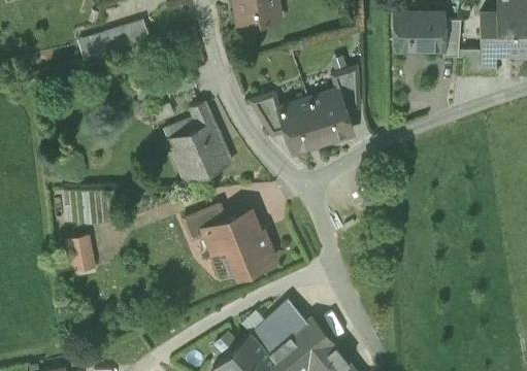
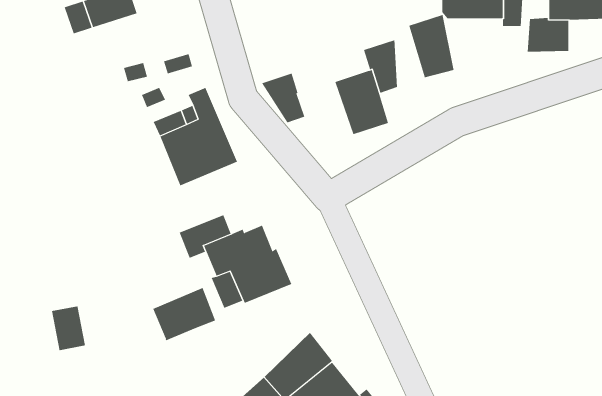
building: none -> [408,14,454,78]
building: [278,98,323,150] -> none
building: [67,236,95,272] -> [51,306,86,351]
building: none -> [152,287,216,341]

